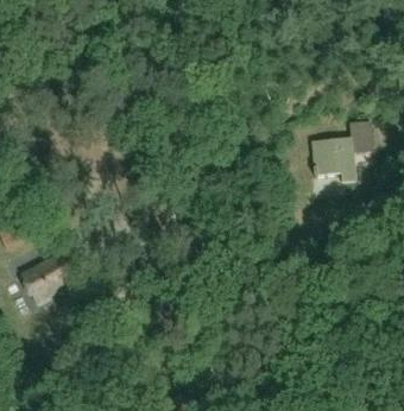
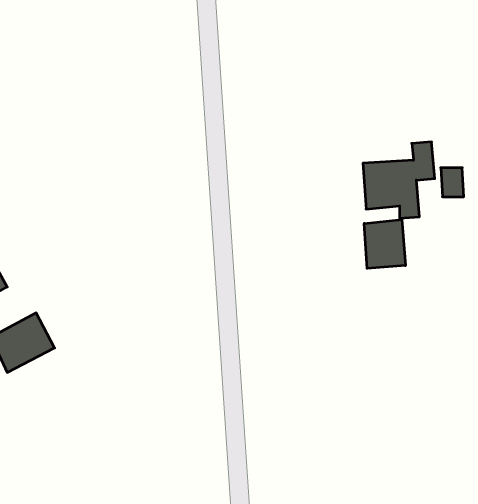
building: none -> [364,220,405,268]

